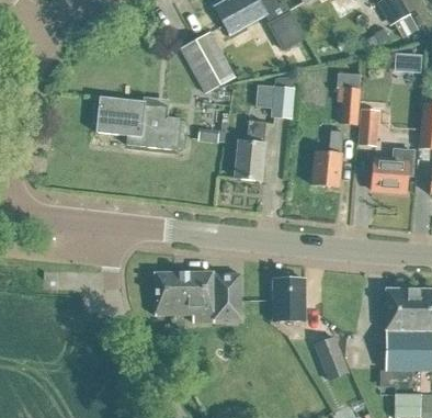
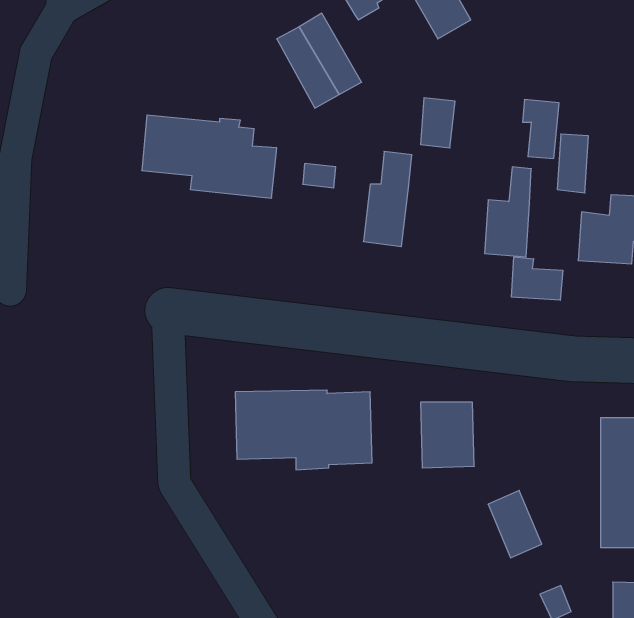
building: none -> [512,257,563,300]

